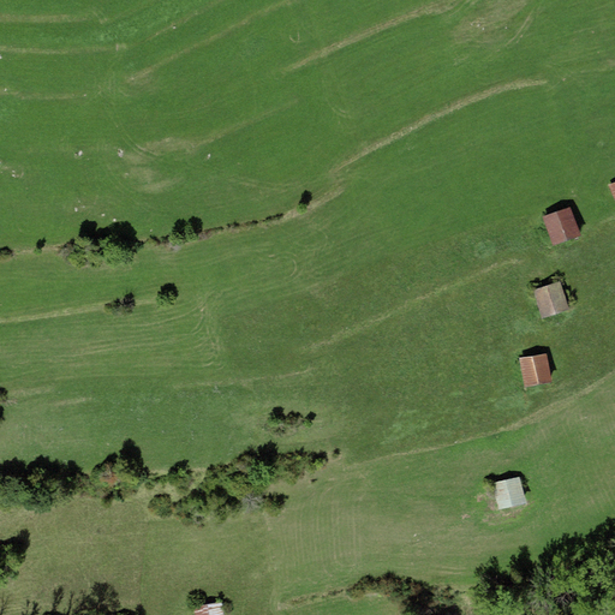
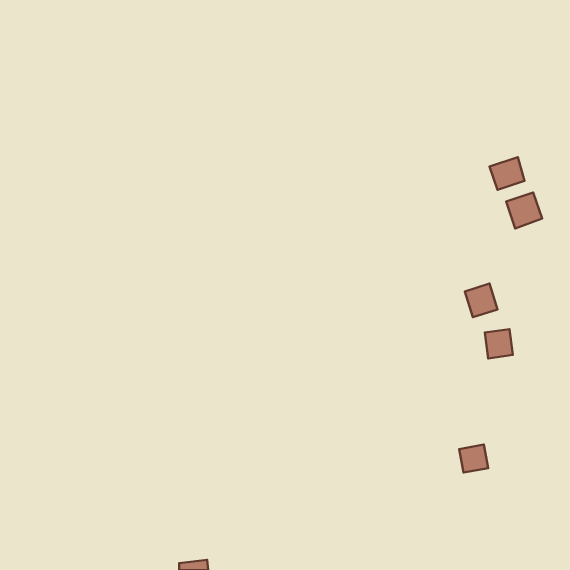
building: none -> [490,157,525,190]
building: [535,282,569,318] -> [465,284,497,317]

